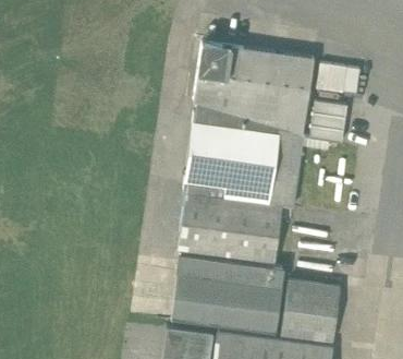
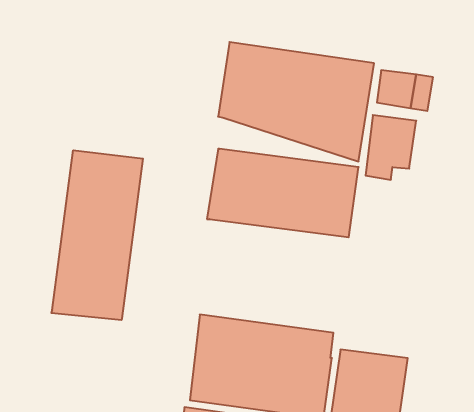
building: [195,101,303,140] -> none
building: none -> [51,150,143,320]
building: [179,180,295,263] -> none

